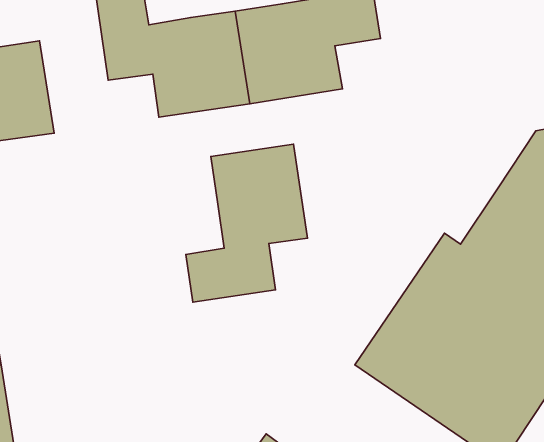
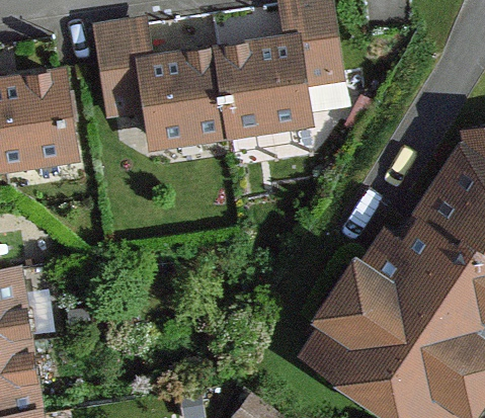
building: [186,144,308,302] -> none

